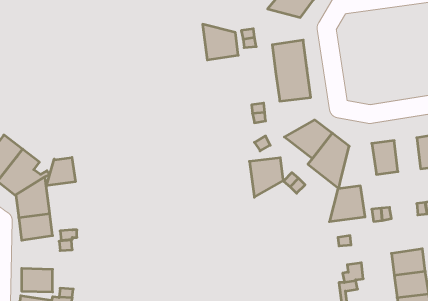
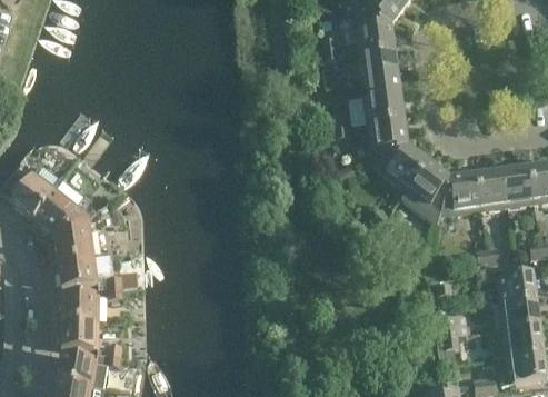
building: [203,24,238,60] -> [353,12,396,54]
building: none -> [504,165,535,205]
building: [47,157,75,185] -> none
building: [249,158,284,197] -> [368,117,409,163]
building: [329,186,365,222] -> [440,171,482,214]
building: none -> [497,269,537,301]
building: none -> [62,291,100,320]

